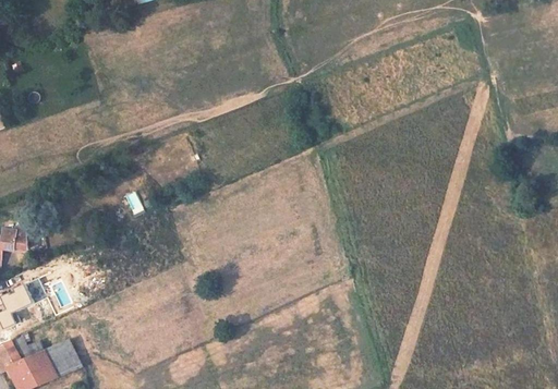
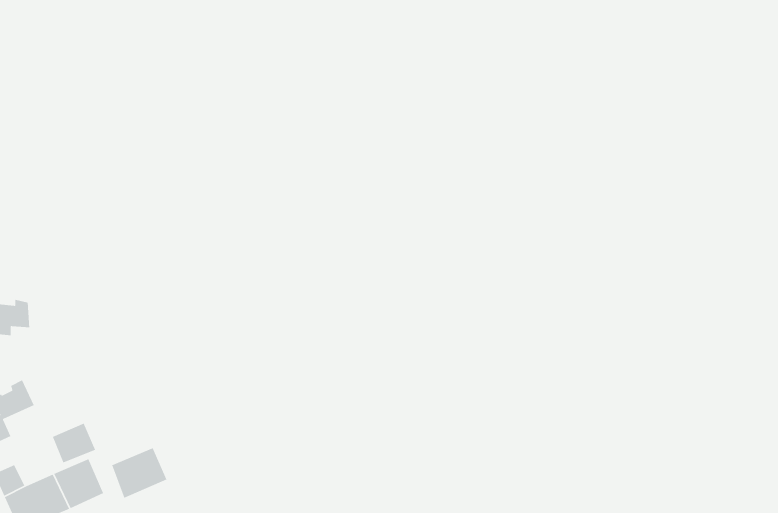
building: none -> [52,422,96,463]
building: none -> [111,447,168,499]

